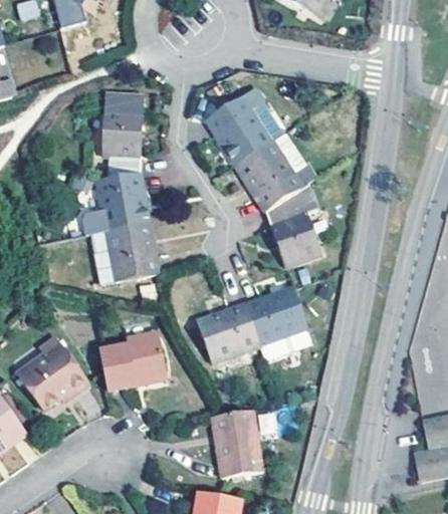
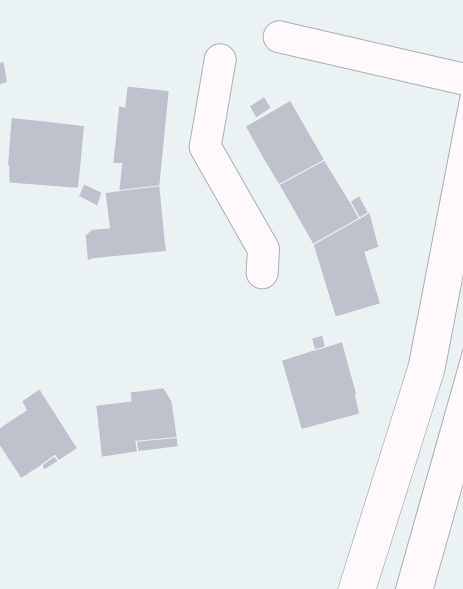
building: none -> [7,117,84,189]
building: [90,222,158,282] -> none
building: [196,304,259,362] -> none
building: [210,409,262,477] -> none

